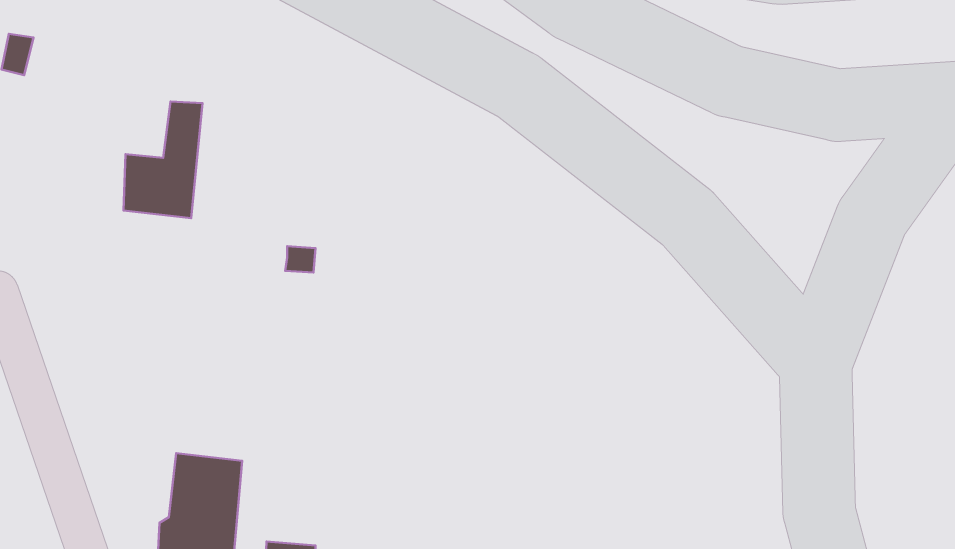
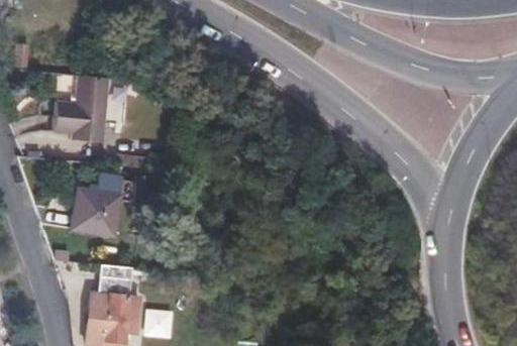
building: none -> [70,189,119,242]

